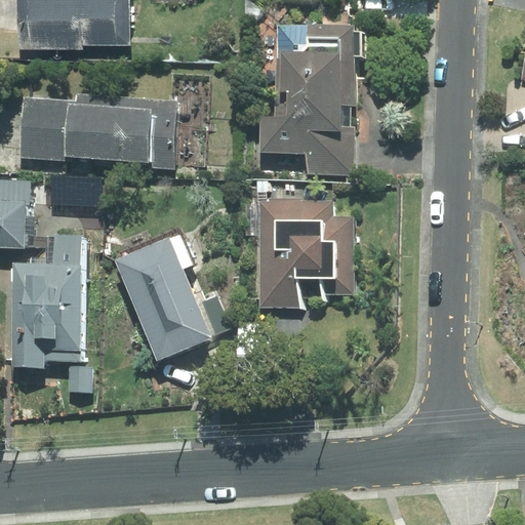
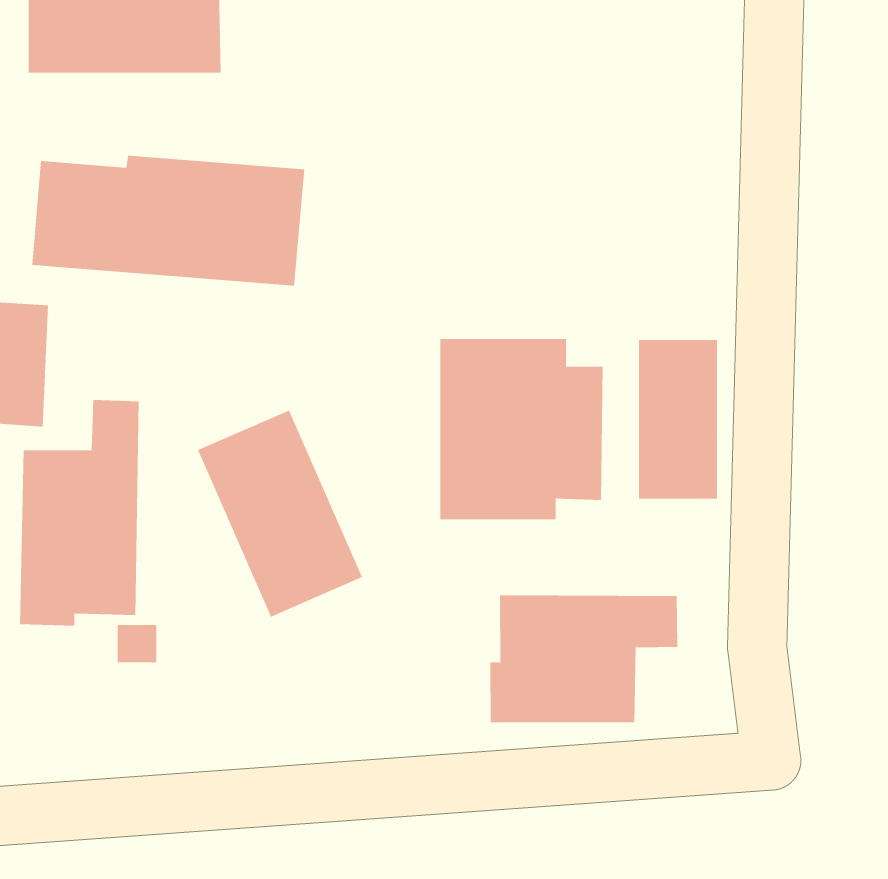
building: [258,24,357,173] -> none
building: none -> [639,339,718,499]
building: none -> [490,595,678,723]

